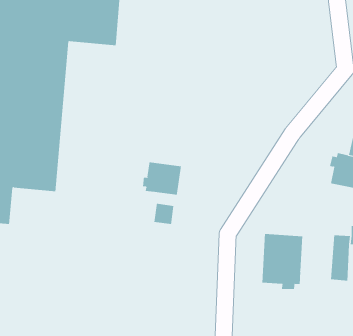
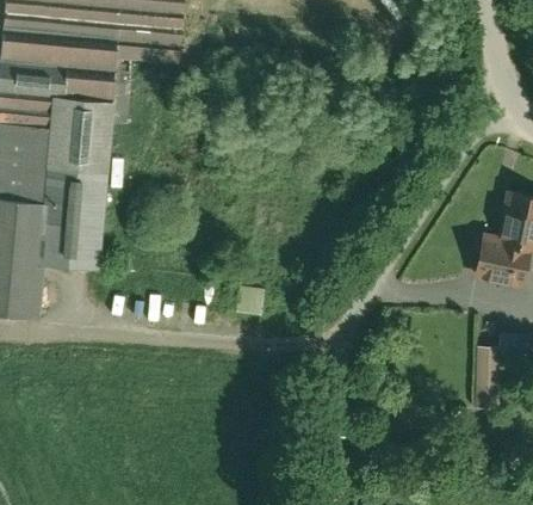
building: [143,161,182,196] -> none
building: [262,233,303,290] -> none

